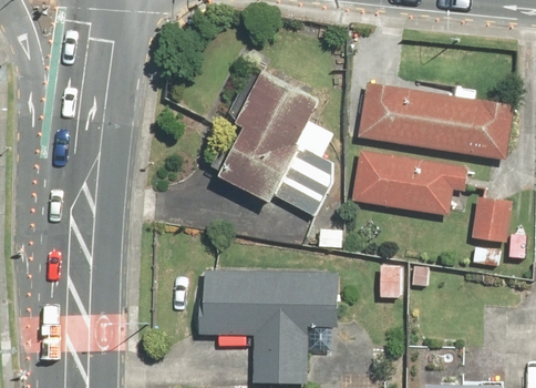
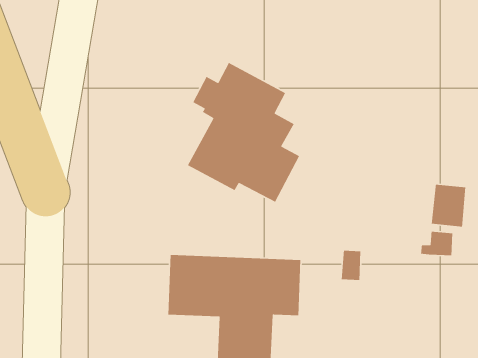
building: [358,83,514,159] -> none
building: [351,150,465,214] -> none

